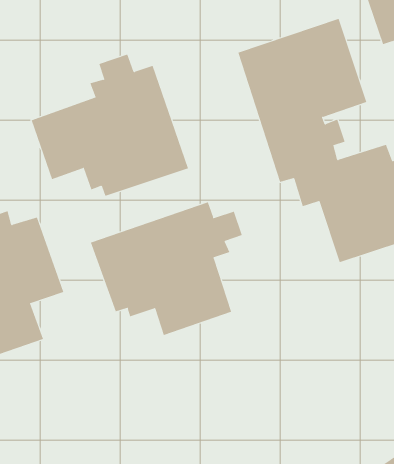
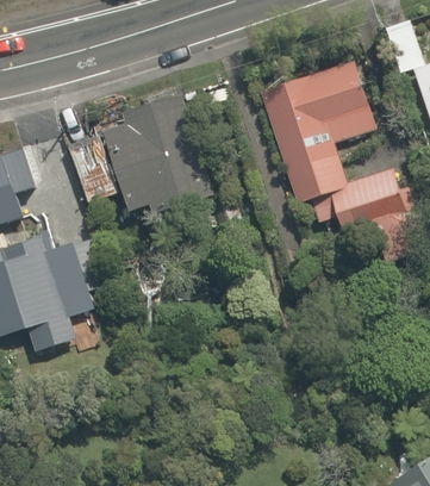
building: [90,202,243,336] -> none

